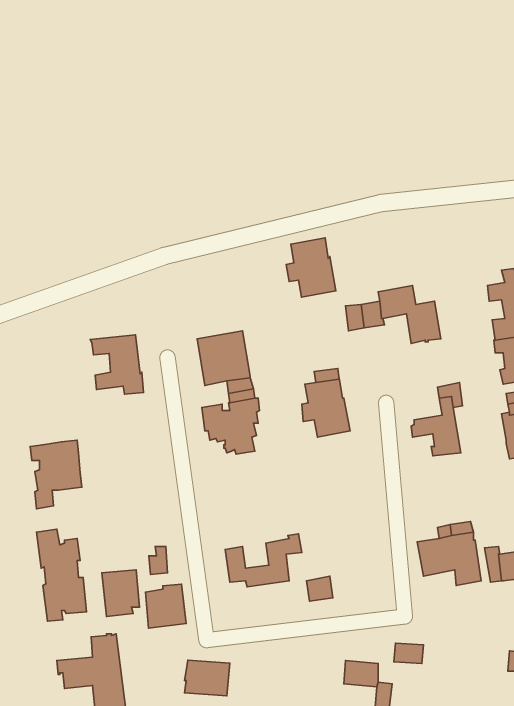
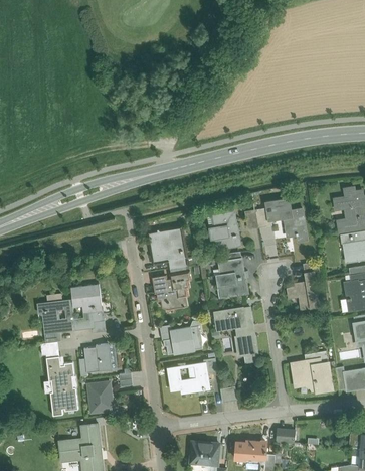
building: [286,238,336,297] -> [208,211,240,250]
building: [90,335,143,394] -> [70,294,105,332]
building: none -> [214,308,256,356]
building: none -> [163,326,202,355]
building: [146,584,186,628] -> [83,344,110,372]
building: [185,660,230,696] -> [189,442,218,465]

